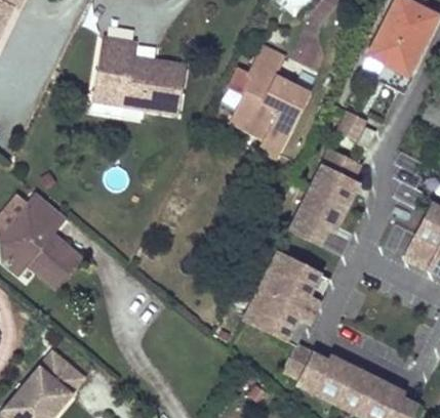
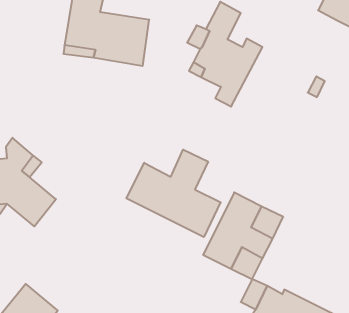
building: [290,148,360,243] -> none
building: none -> [126,150,221,237]

